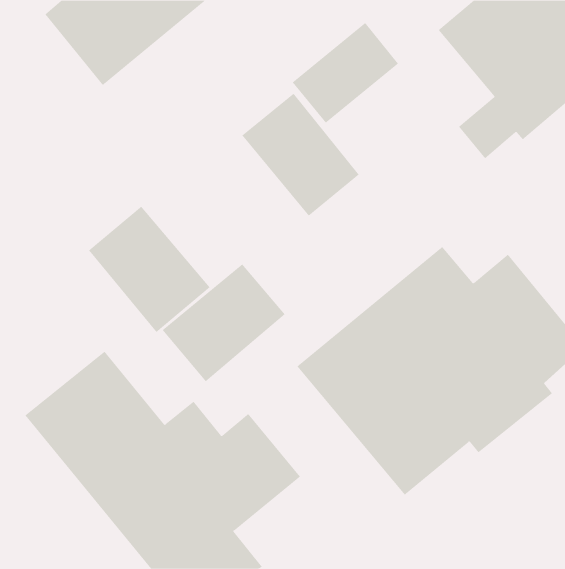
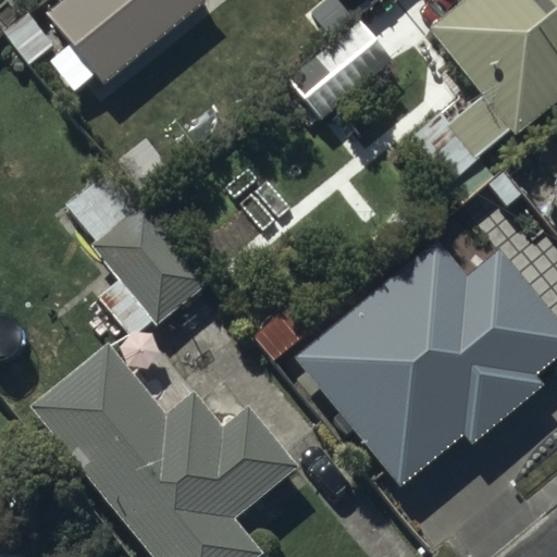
building: [241,93,360,216] -> none
building: [162,263,285,382] -> none

